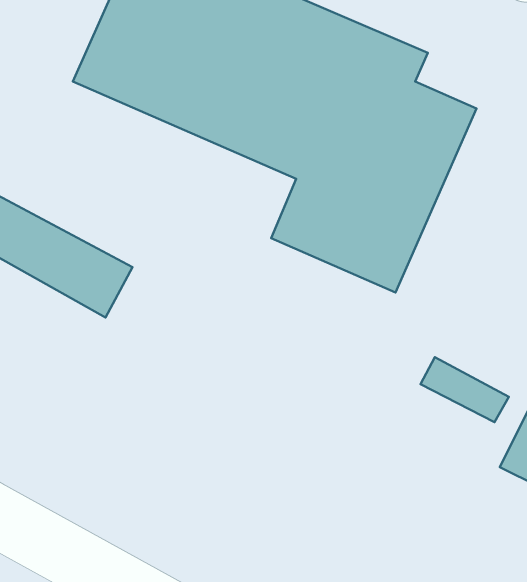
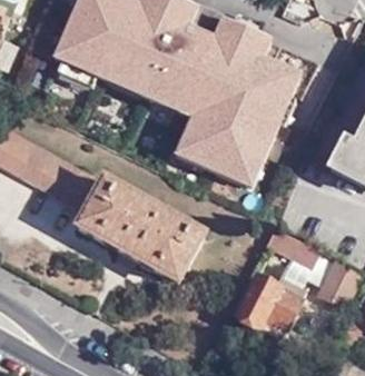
building: none -> [77,179,204,283]
building: none -> [238,276,307,338]

